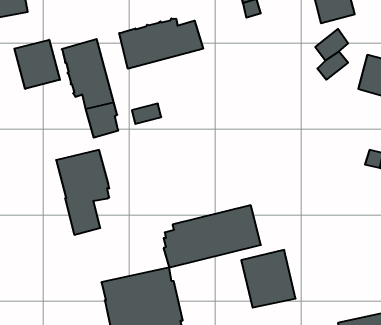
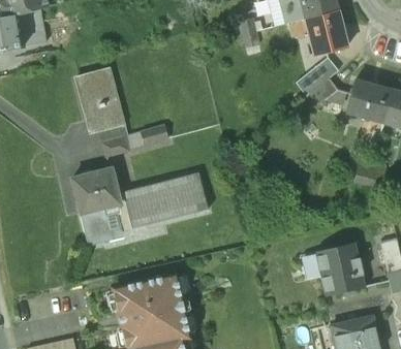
building: [119,18,203,69] -> none
building: [14,40,60,89] -> none
building: [164,205,261,267] -> [118,173,207,230]
building: [241,250,296,308] -> [314,242,364,294]

